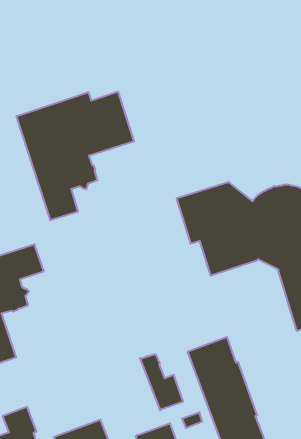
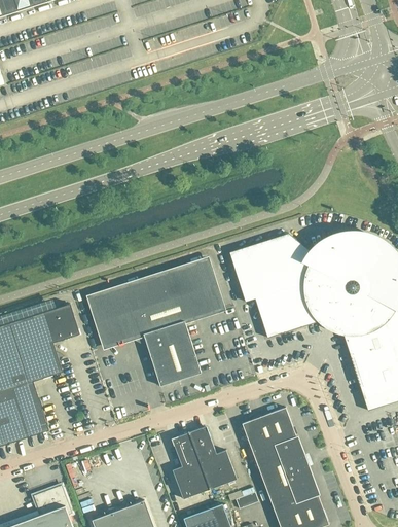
building: [17,92,134,220] -> none
building: none -> [87,258,223,386]
building: none -> [171,430,210,498]

